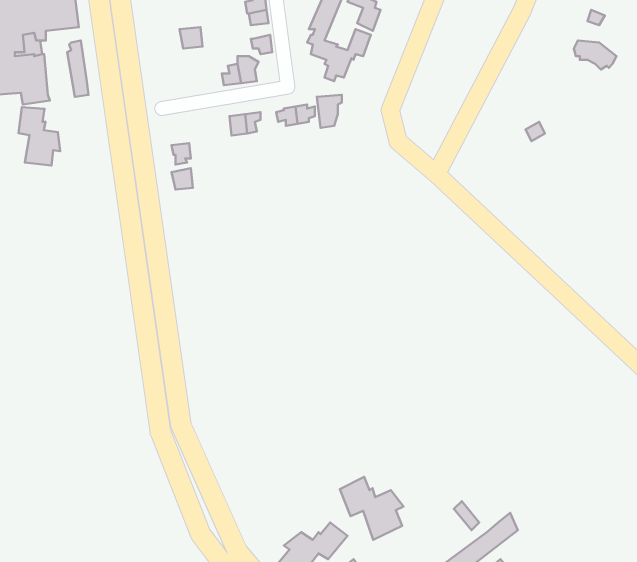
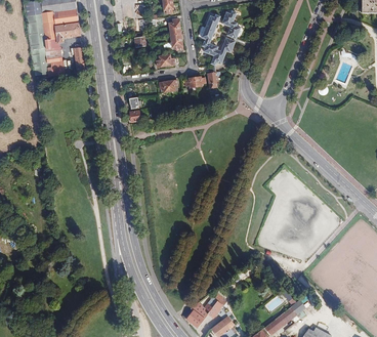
building: [18,107,60,165] -> none
building: [340,477,404,540] -> none

